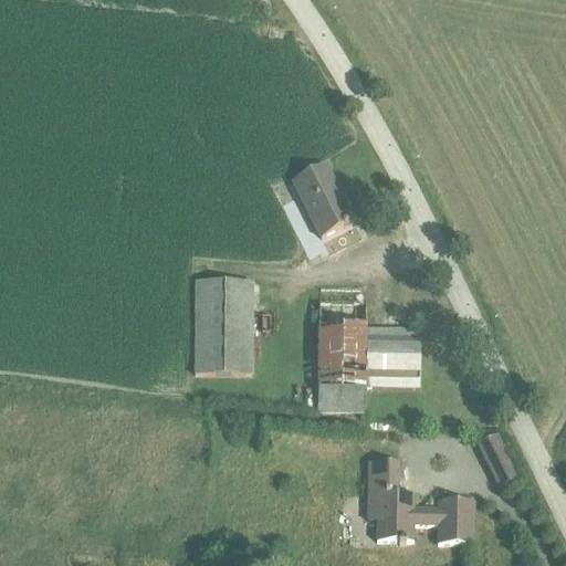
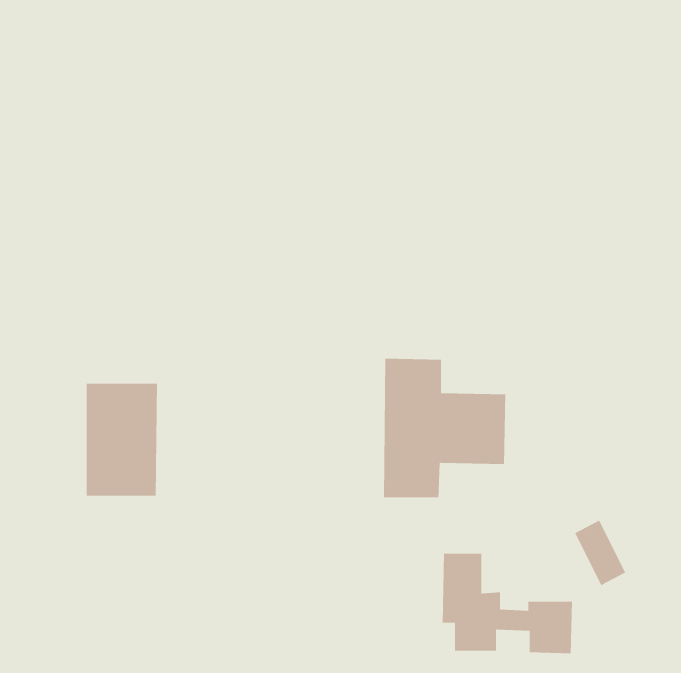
building: [291,161,353,237] -> none
building: [193,277,253,371] -> [86,383,158,496]

